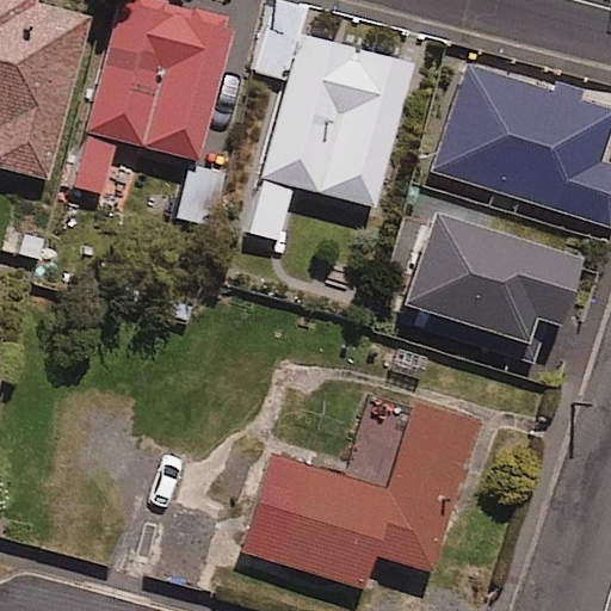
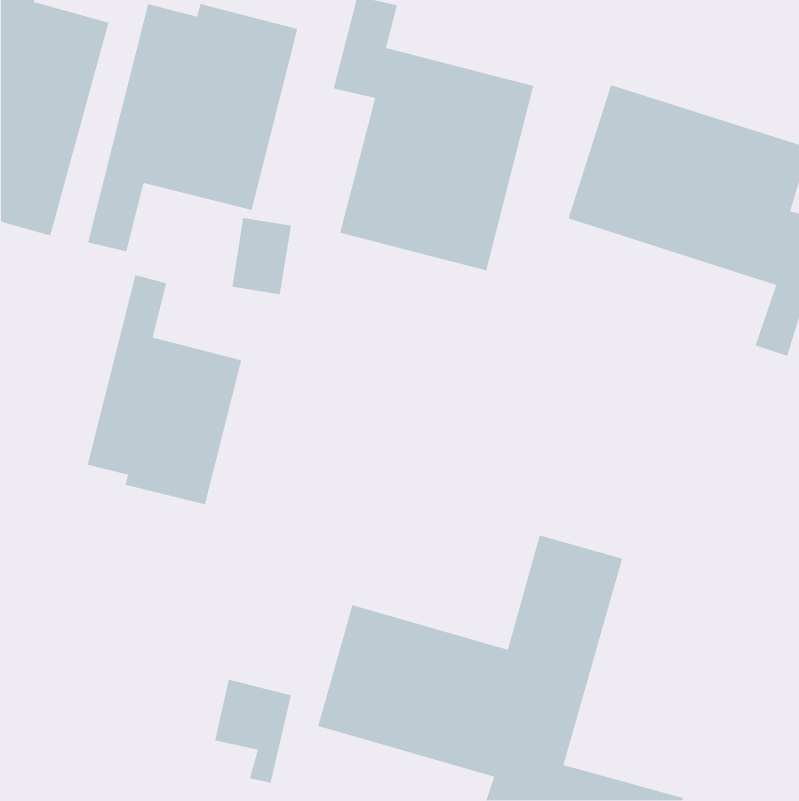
building: none -> [87,274,242,505]
building: [401,217,575,347] -> none

